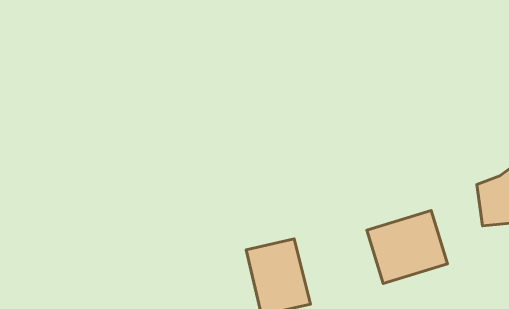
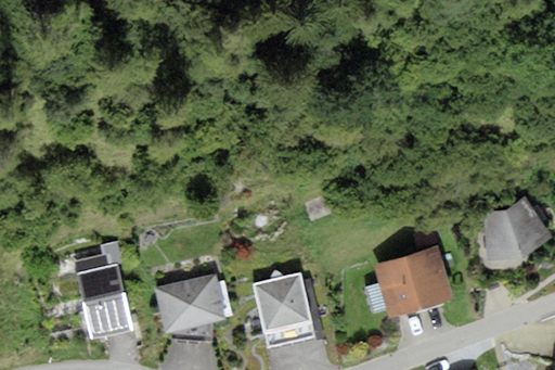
building: none -> [77,264,131,333]
building: none -> [154,272,225,332]

